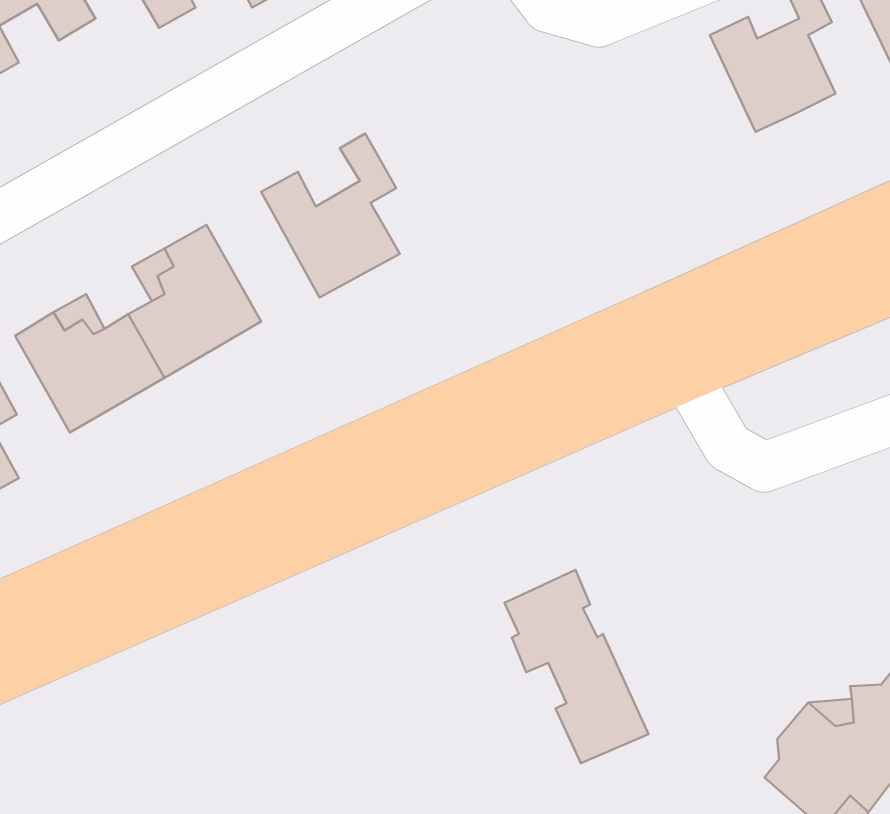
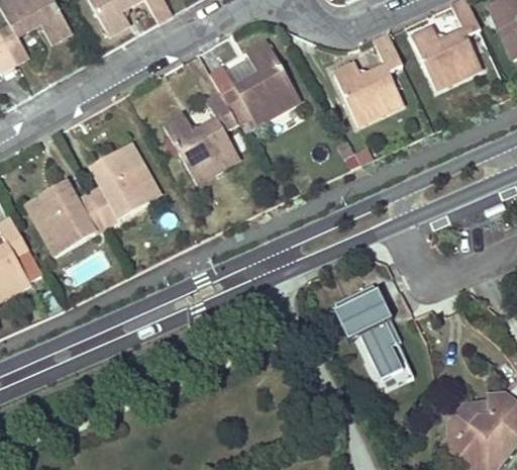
building: none -> [332,30,404,125]
building: none -> [210,41,299,121]
building: [504,570,648,763] -> [336,286,416,393]

